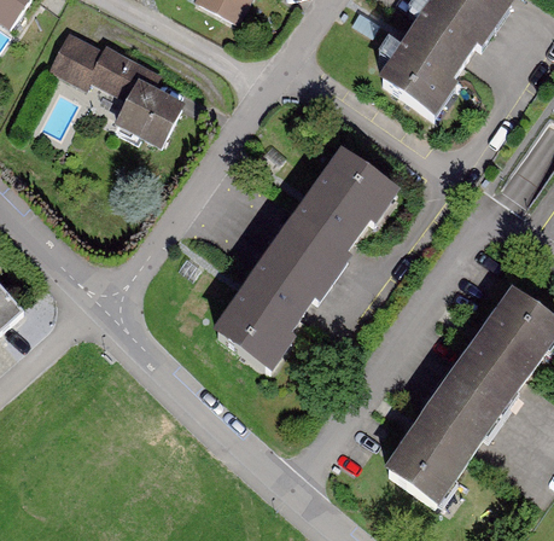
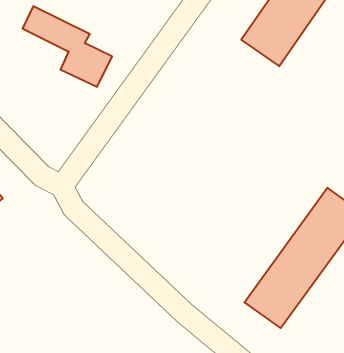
building: [210,156,396,368] -> none

